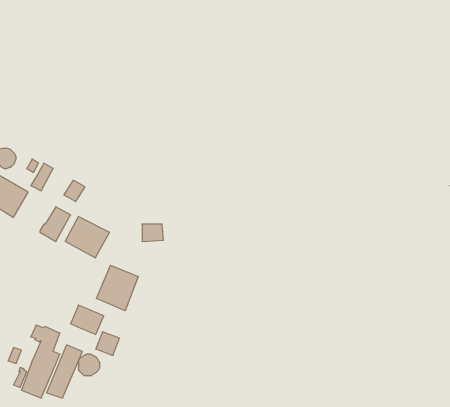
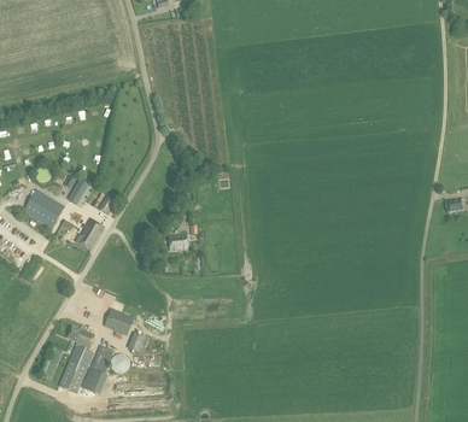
building: [65,216,110,258] -> none
building: [96,265,138,311] -> none

